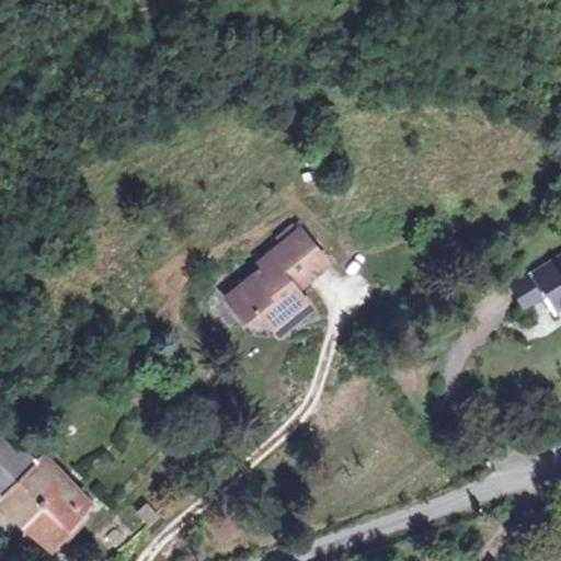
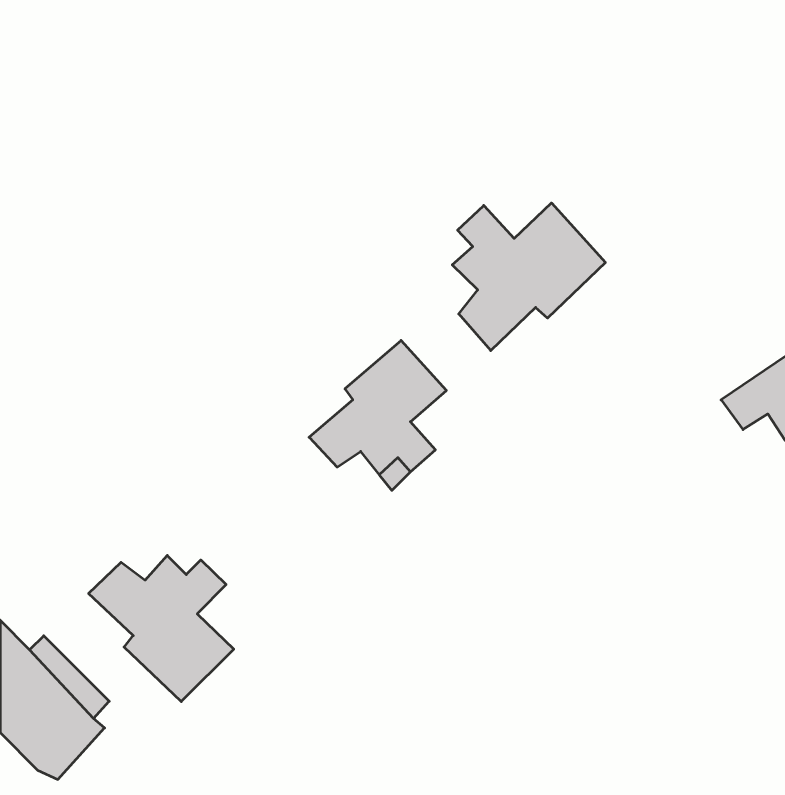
building: none -> [452,203,605,351]
building: none -> [89,555,234,702]

